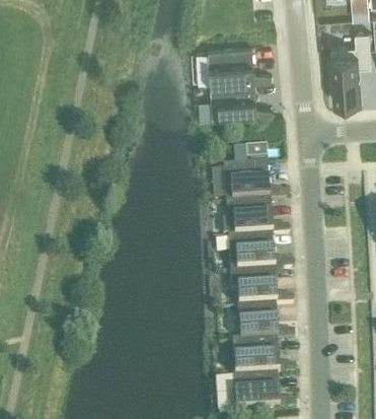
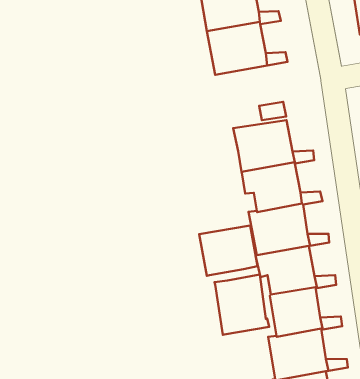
building: none -> [199,225,257,276]
building: none -> [215,274,269,335]

